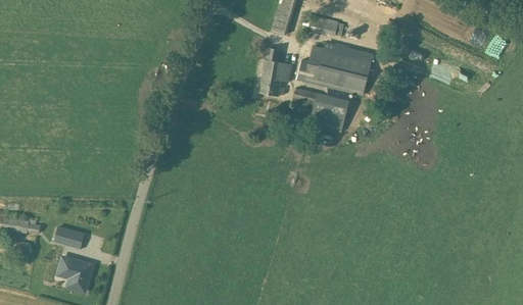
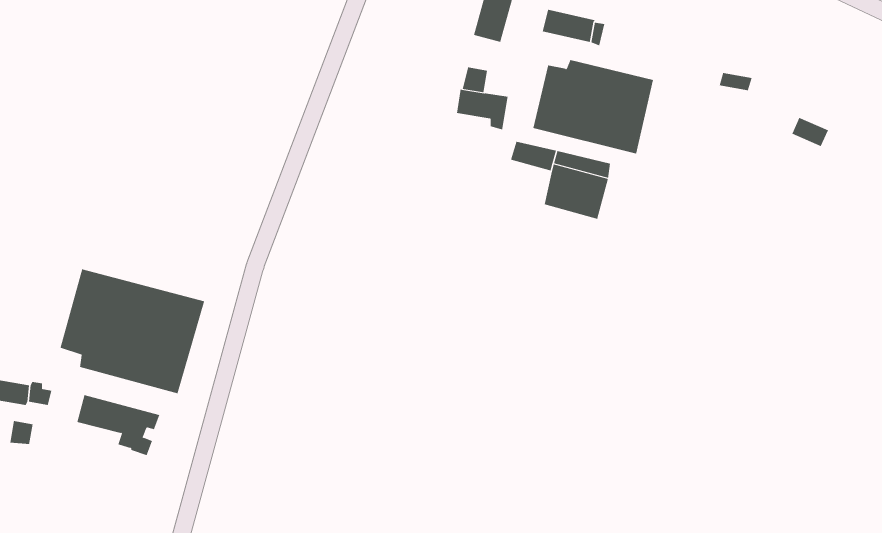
building: [257,72,284,96] -> none
building: none -> [60,269,205,394]
building: [56,256,91,291] -> none

